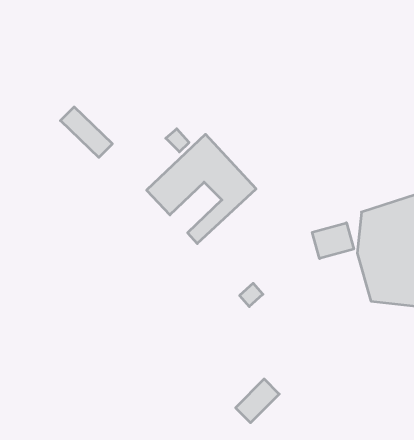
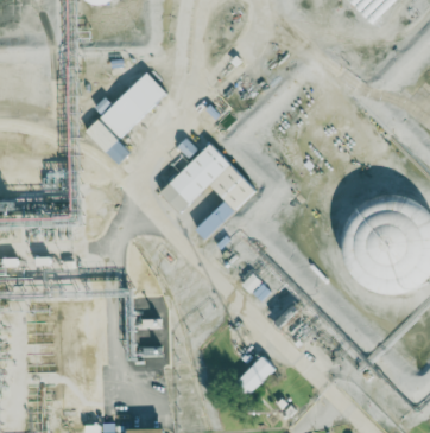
building: none -> [99,72,165,138]
building: [312,223,354,259] -> none

